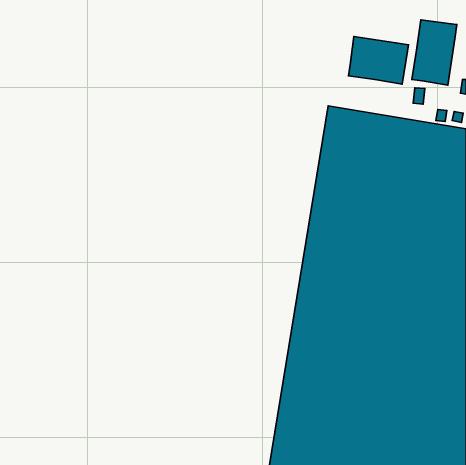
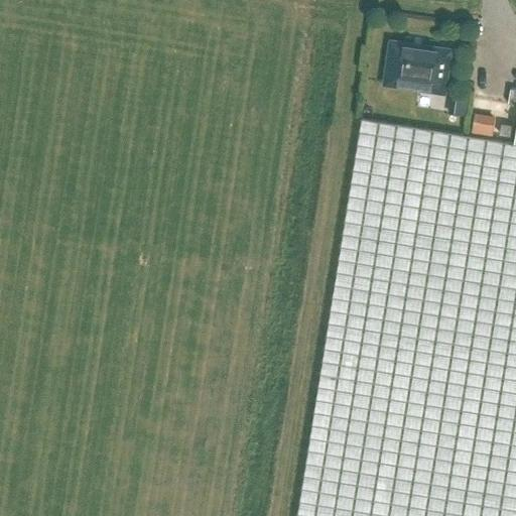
building: [412,20,457,85] -> none

